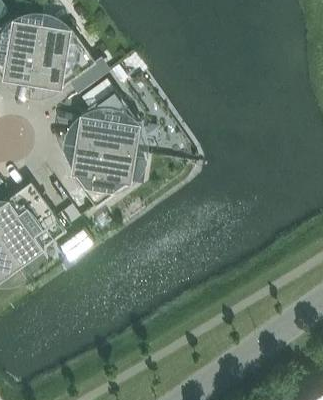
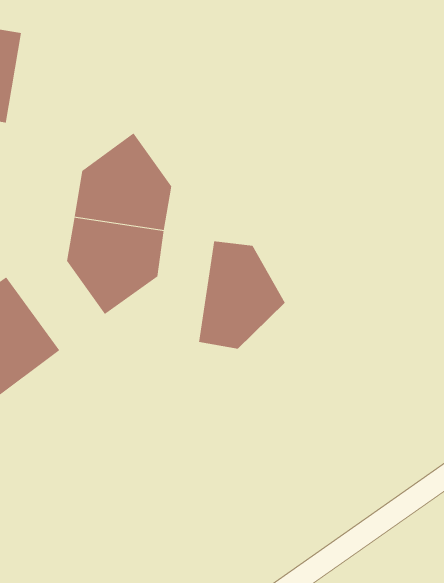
building: [28,27,92,91] -> none
building: none -> [198,240,285,350]

